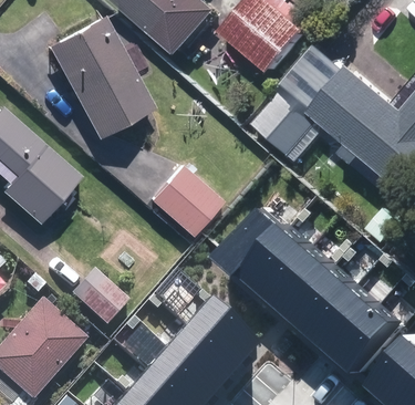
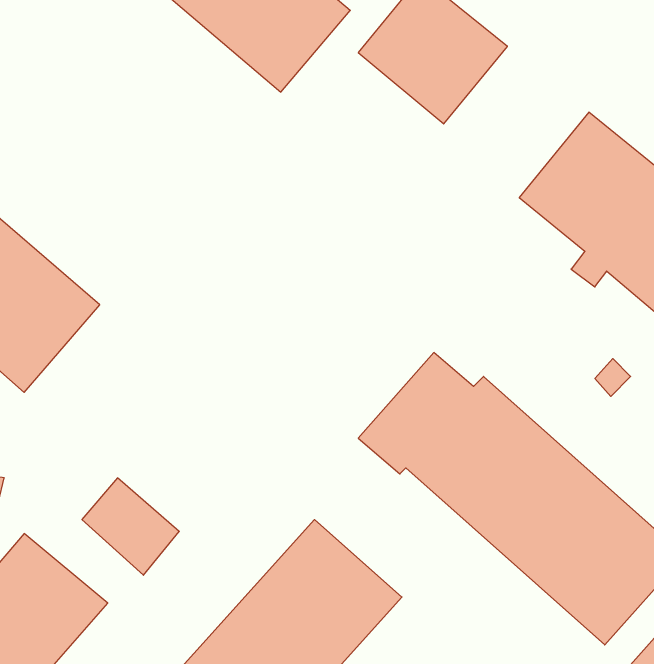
building: [46,20,151,141] -> none
building: [256,69,324,165] -> none
building: [147,167,220,239] -> none

